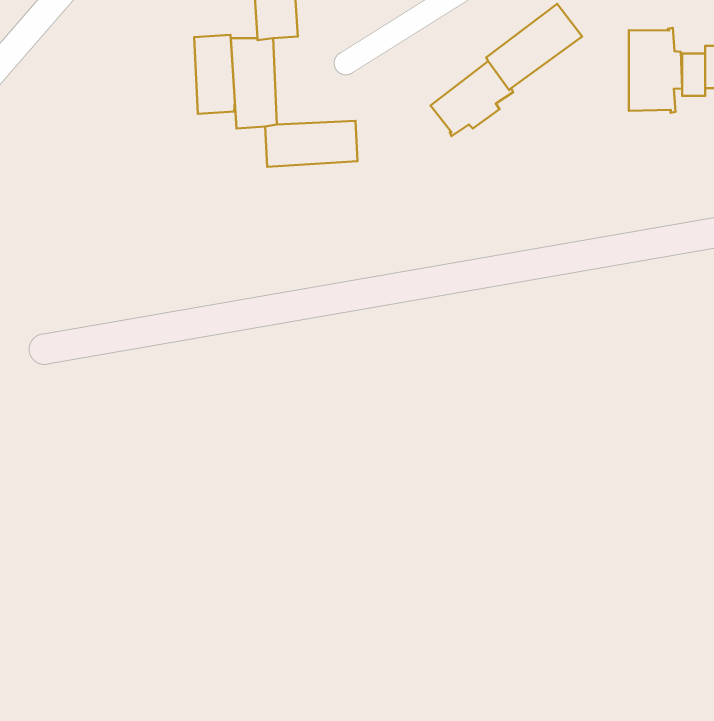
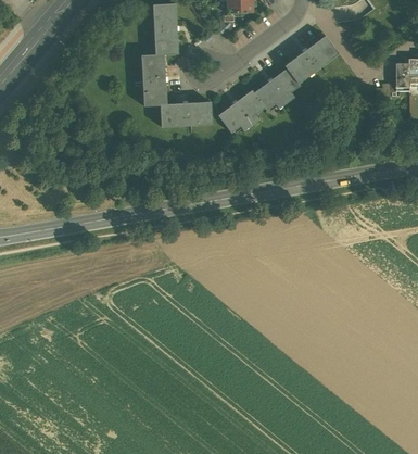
building: [629,28,682,113] -> none
building: [194,35,235,114] -> none
building: none -> [217,89,265,133]

